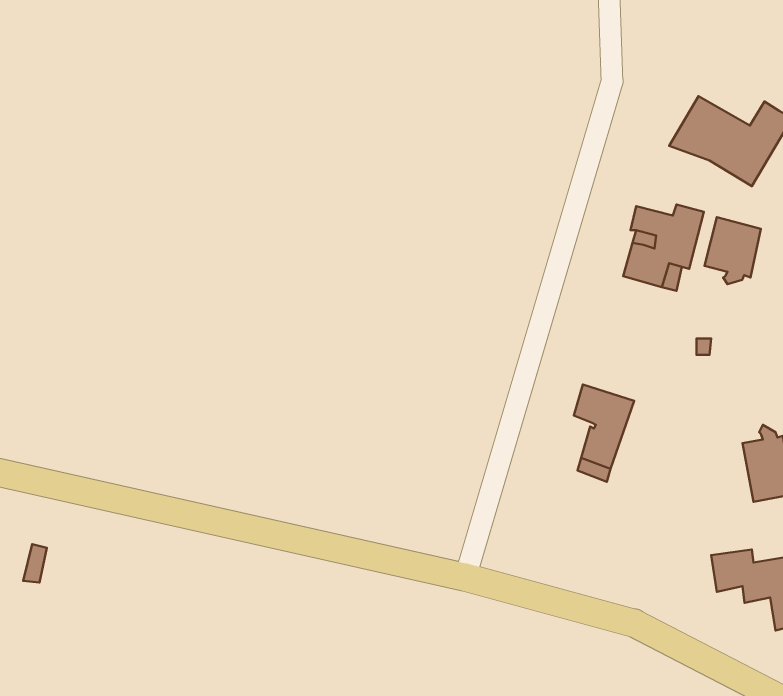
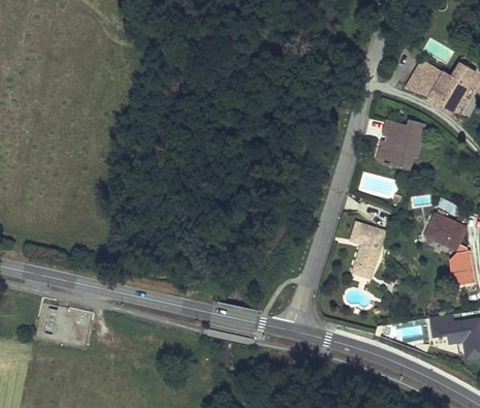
building: [704,217,761,284] -> none
building: none -> [425,209,466,248]

